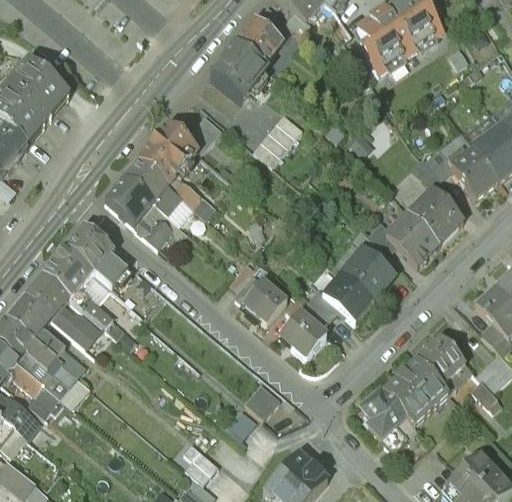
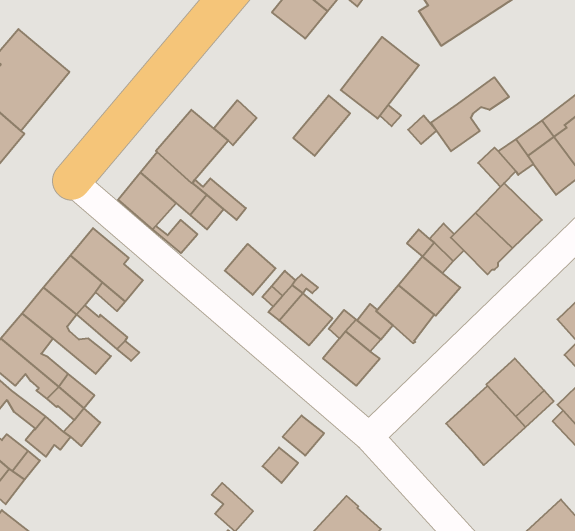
building: [200,42,266,111] -> [341,37,419,119]
building: none -> [431,77,509,151]
building: none -> [225,244,276,295]
building: [15,347,68,396] -> none
building: [361,389,406,451] -> none

